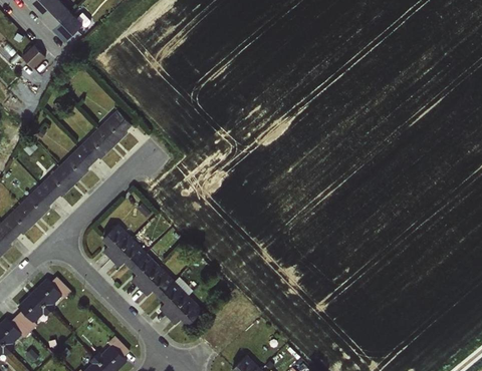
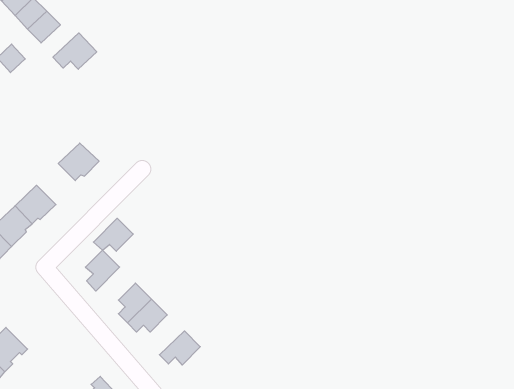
building: none -> [53,33,97,69]
building: [96,110,132,145] -> none
building: [58,147,92,183] -> none
building: [110,239,146,268] -> [93,218,133,251]
building: [31,275,70,311] -> none
building: [159,281,189,316] -> none

